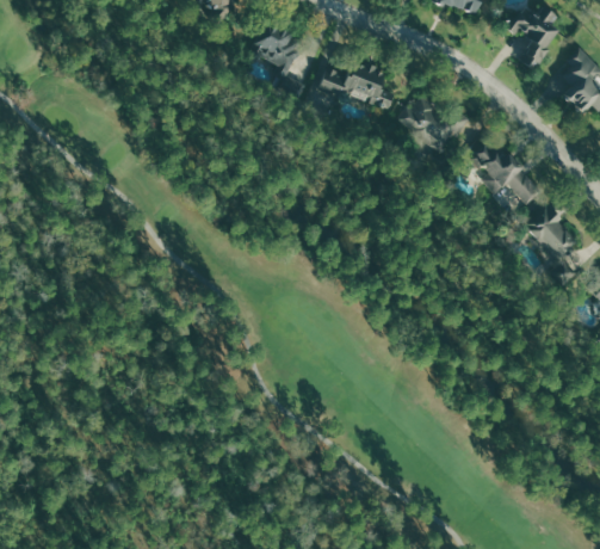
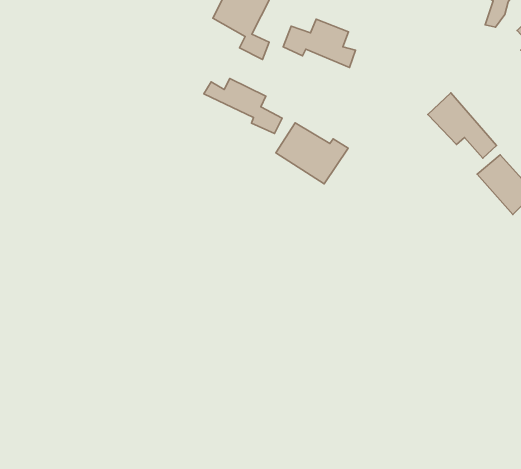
building: [391,92,466,155] -> [276,123,348,184]
building: none -> [204,78,282,133]

